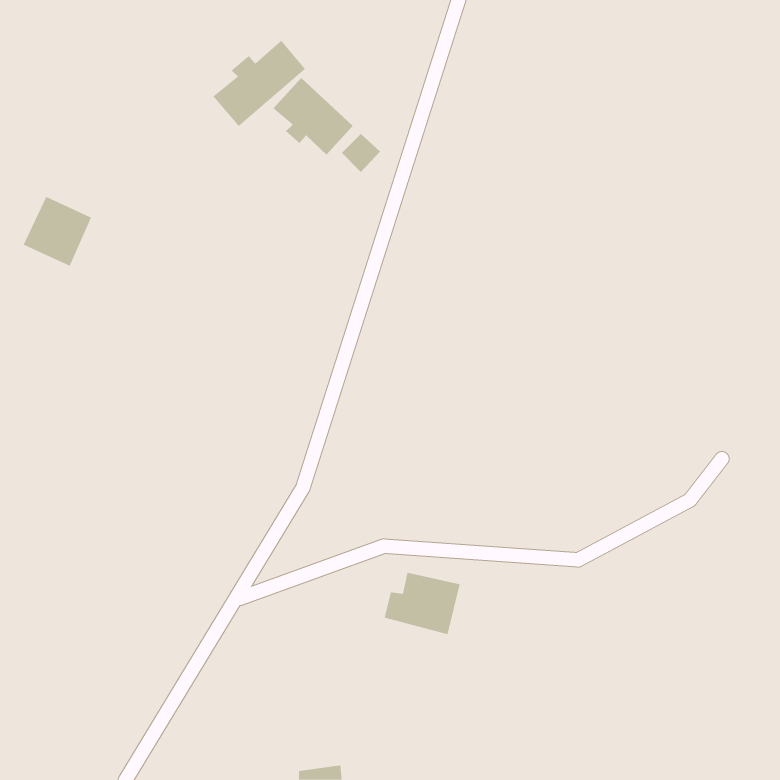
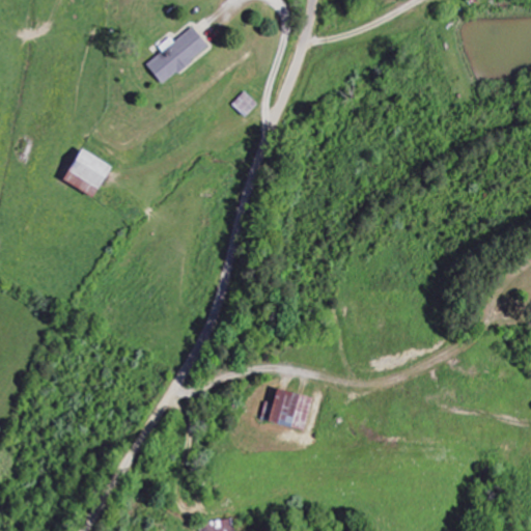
building: [272,77,353,155] -> none
building: [23,196,92,266] -> [63,148,110,196]

